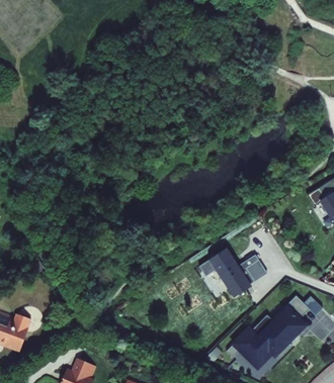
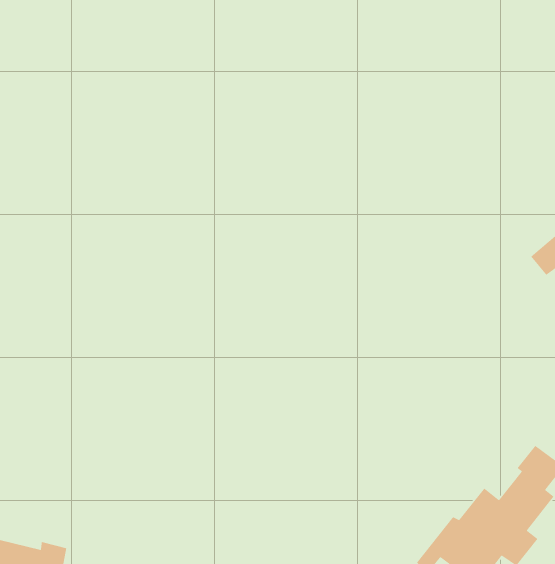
building: [197,248,257,298] -> none

